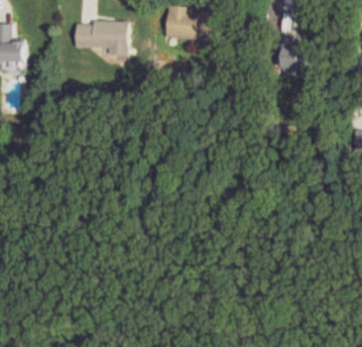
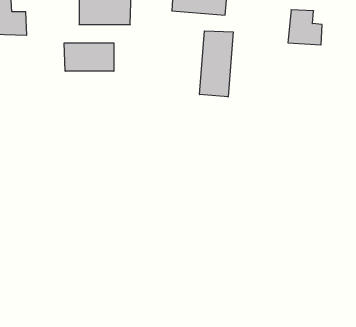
building: none -> [200,31,233,97]
building: none -> [64,43,114,71]

